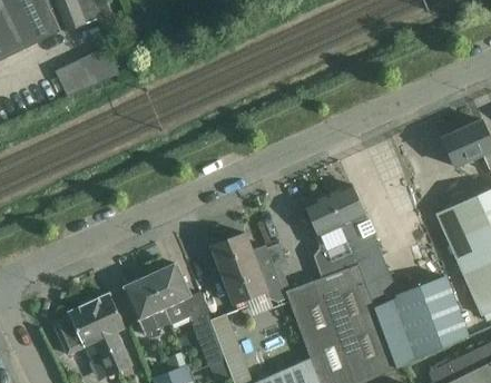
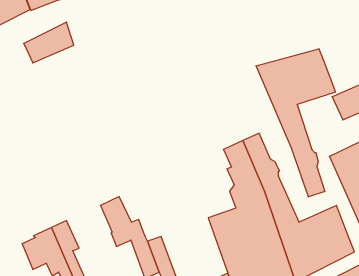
building: none -> [256,49,336,197]
building: [210,234,286,304] -> none
building: [122,275,171,335] -> none

